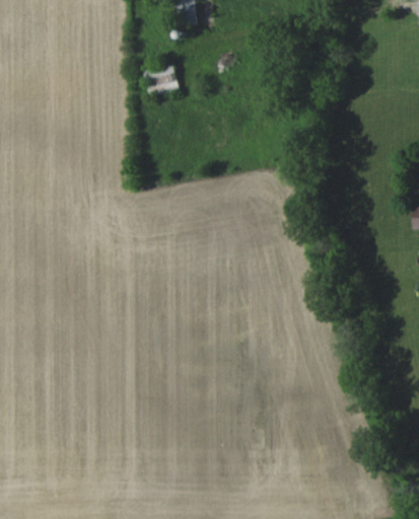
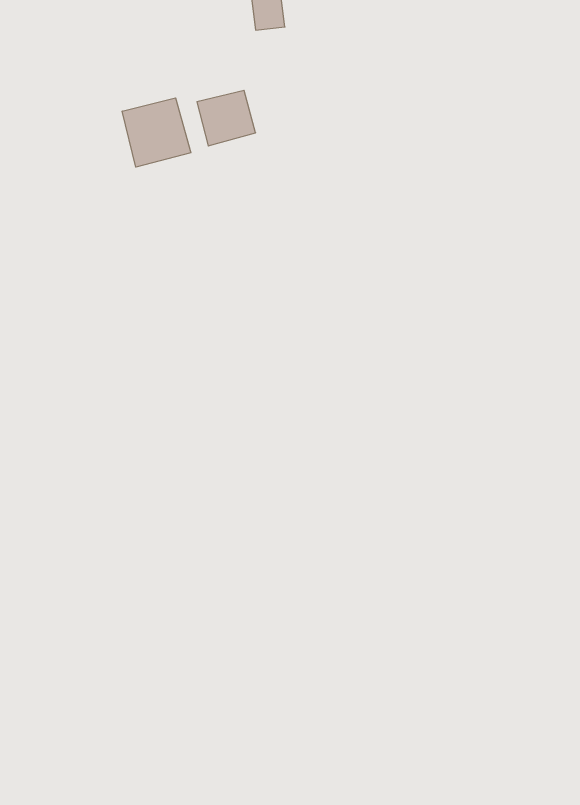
building: none -> [122,98,191,167]

